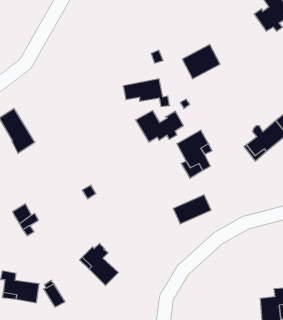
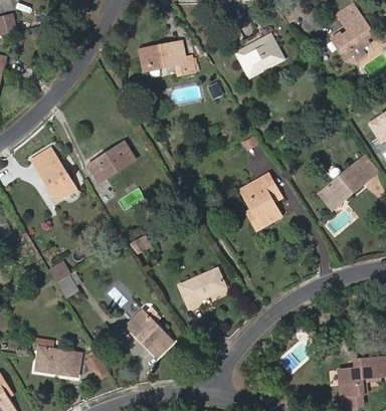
building: [182,45,220,79] -> [237,34,281,74]
building: [123,79,170,106] -> [140,40,194,72]
building: none -> [88,141,135,182]
building: [136,111,183,142] -> none
building: [173,195,211,224] -> [180,268,224,302]

